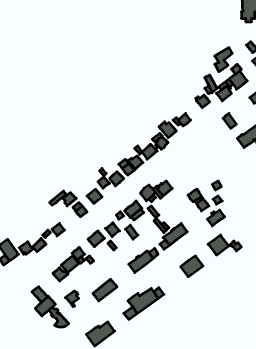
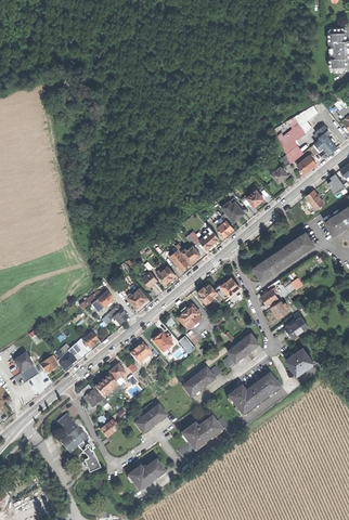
building: none -> [253,231,313,280]
building: none -> [229,386,260,414]

